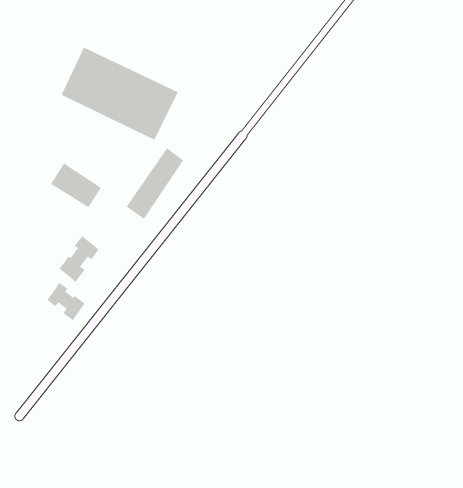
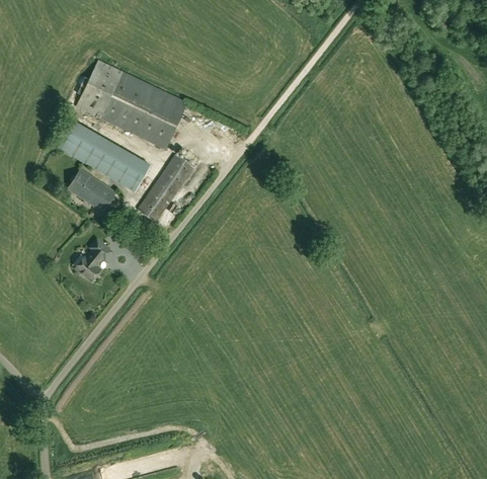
building: none -> [56,119,151,191]
building: [47,282,86,321] -> none

